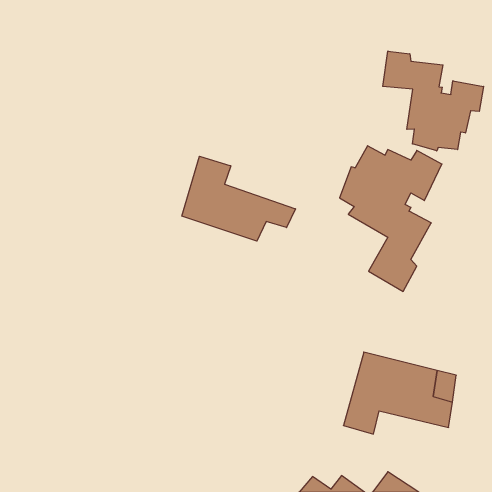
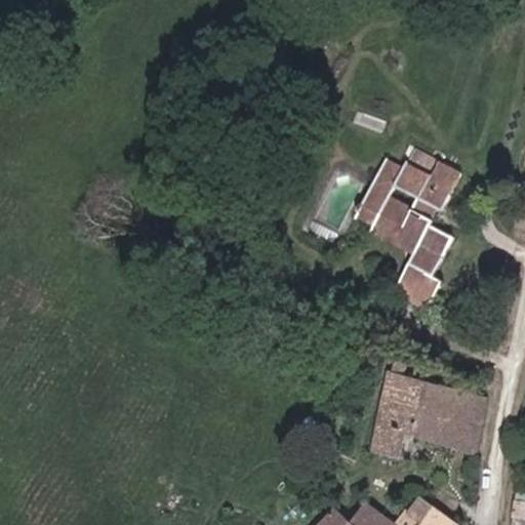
building: [383,51,484,151] -> none
building: [182,156,295,241] -> none

